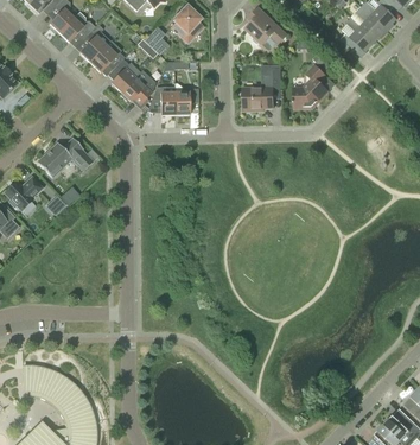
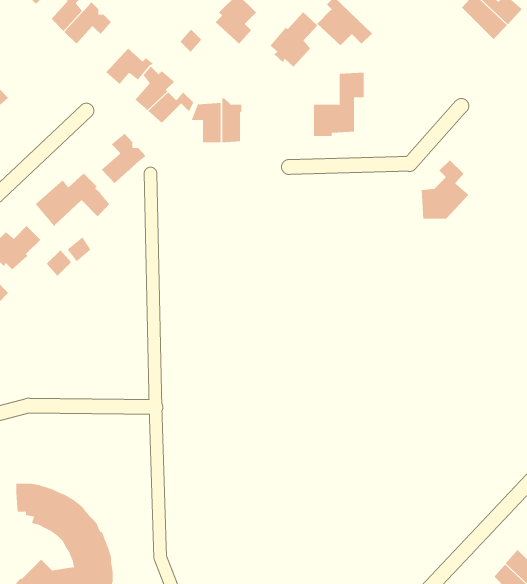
building: [341,15,375,50] -> none
building: none -> [270,11,318,67]
building: [79,24,110,63] -> none
building: [293,64,329,108] -> [421,159,469,219]
building: none -> [101,133,147,184]

